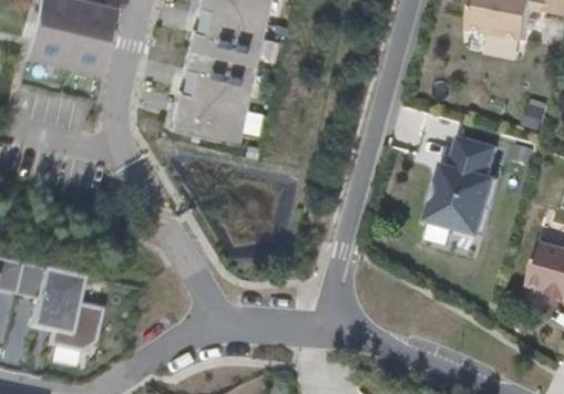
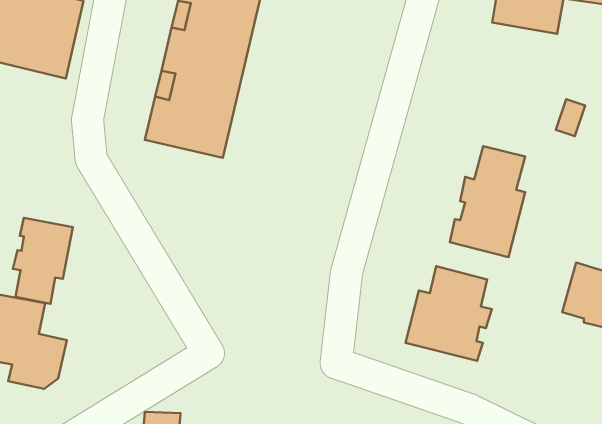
building: none -> [13,218,73,304]
building: none -> [405,266,492,361]

